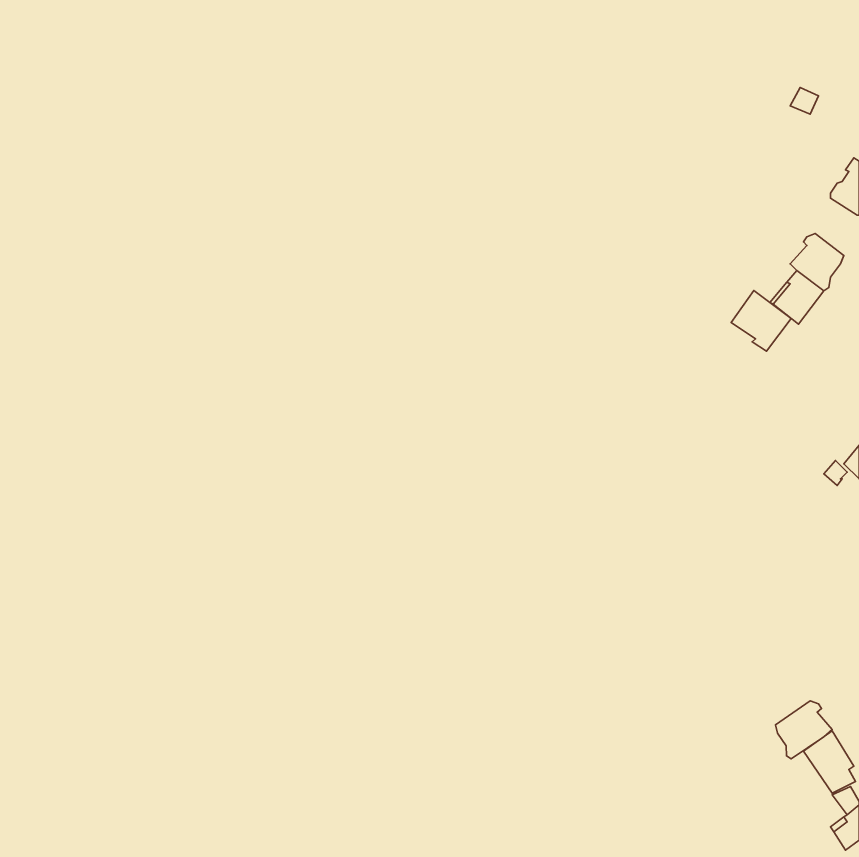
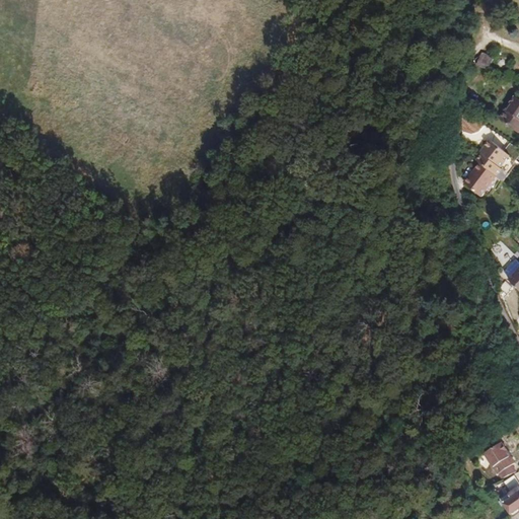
building: [731,290,791,351] -> none
building: [775,701,832,759] -> none

